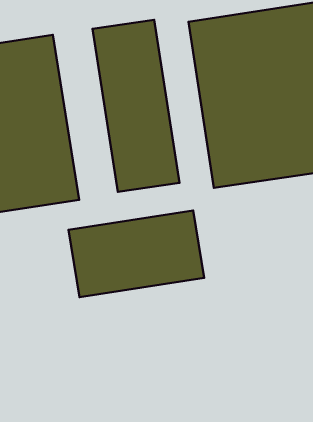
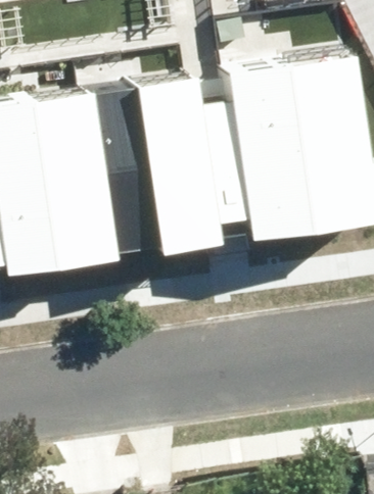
building: [69,210,204,297] -> none

